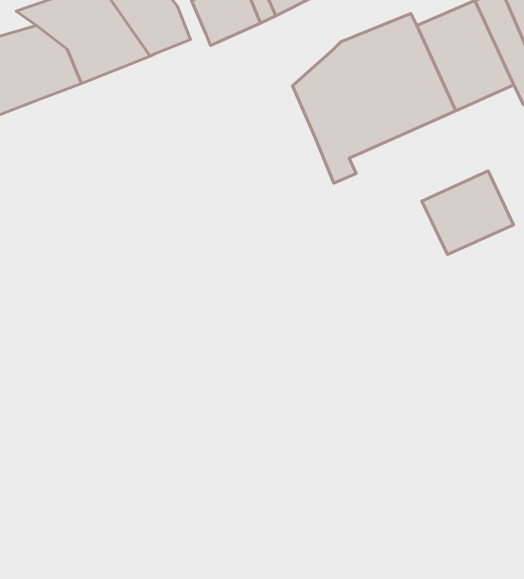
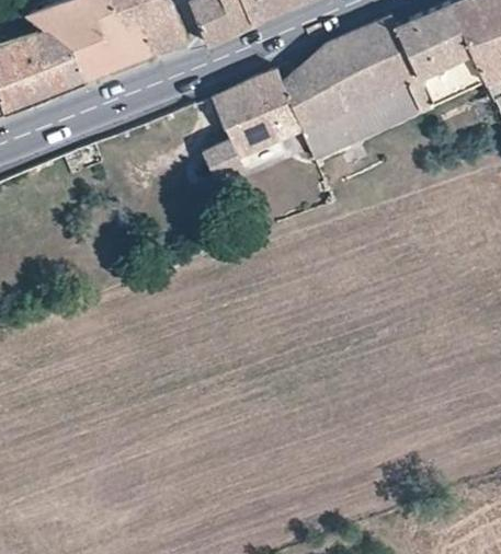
building: none -> [204,68,303,180]
building: [422,171,513,255] -> none

